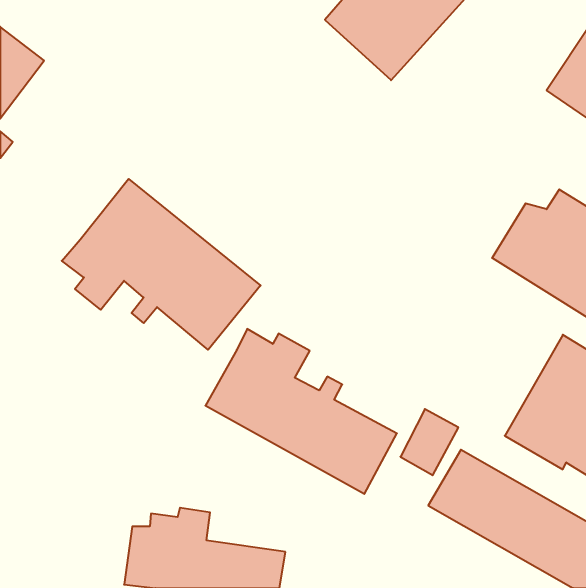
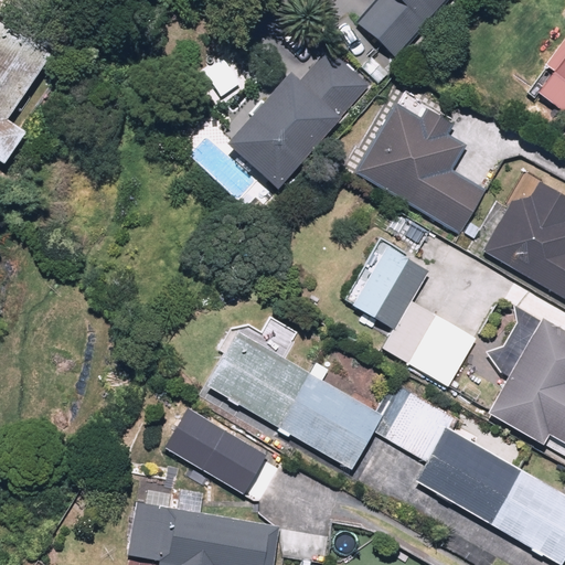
building: none -> [223,44,371,193]
building: none -> [351,104,488,236]
building: [62,179,261,350] -> none
building: none -> [350,242,478,390]
building: none -> [191,416,286,503]

